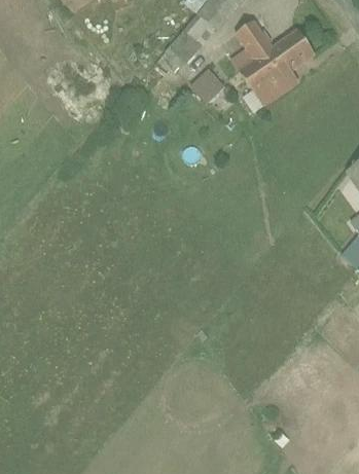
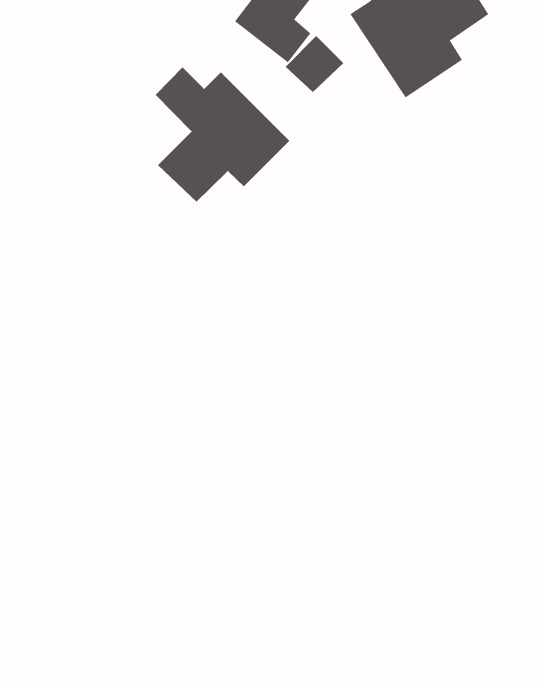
building: none -> [155,67,290,202]

